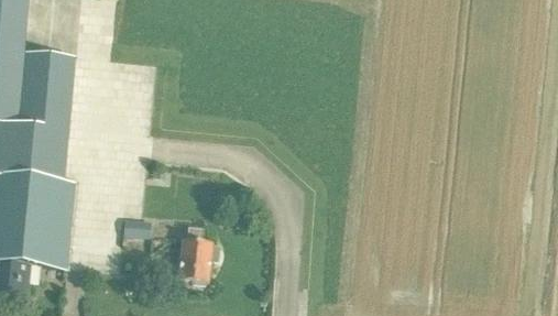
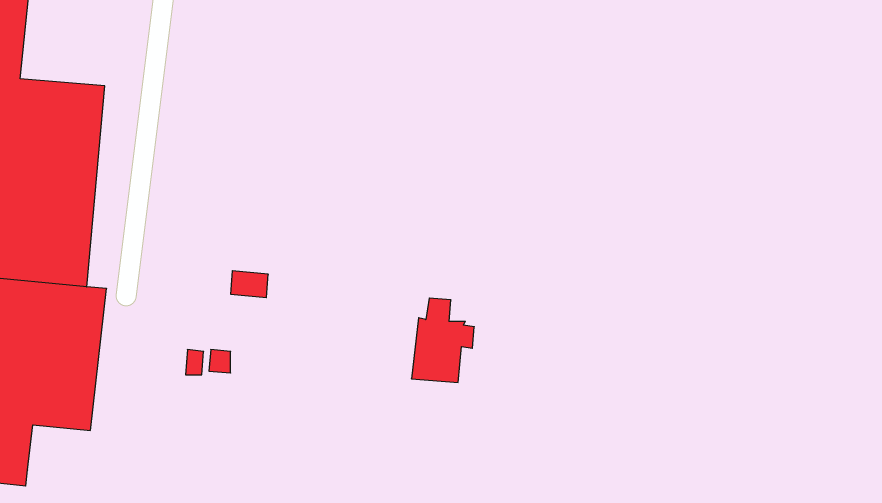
building: [179,228,218,280] -> [411,298,474,382]

